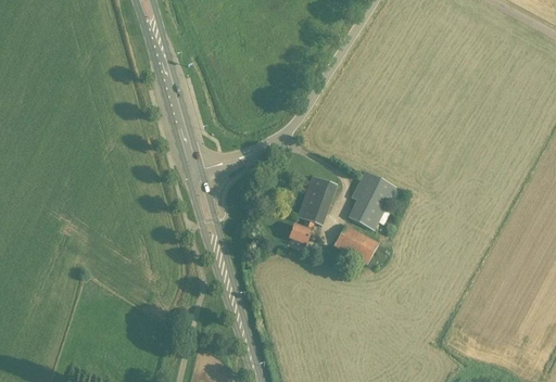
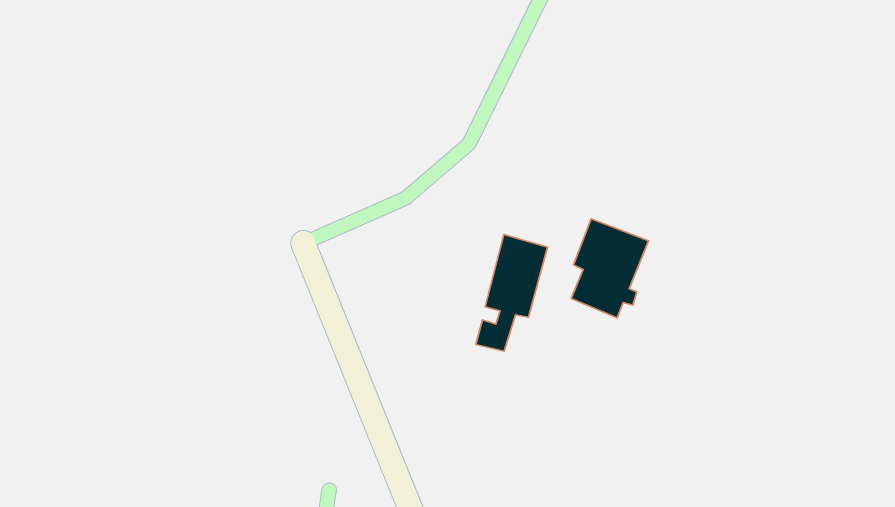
building: [333,224,379,265] -> none

